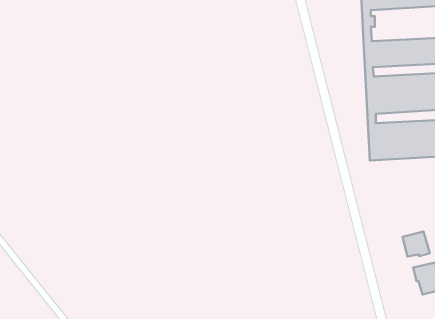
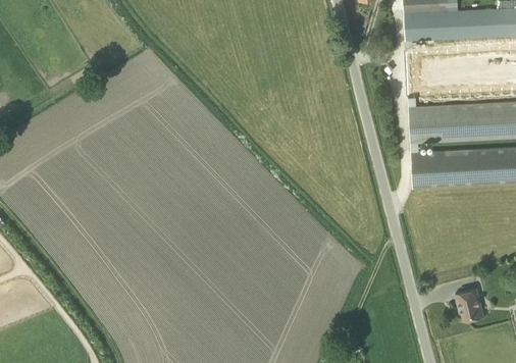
building: [402,231,430,257] -> none

